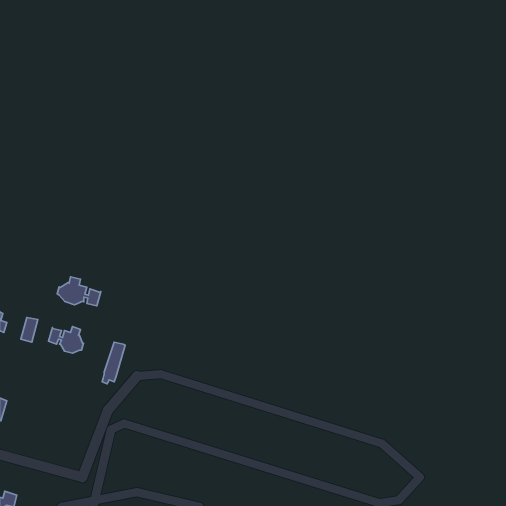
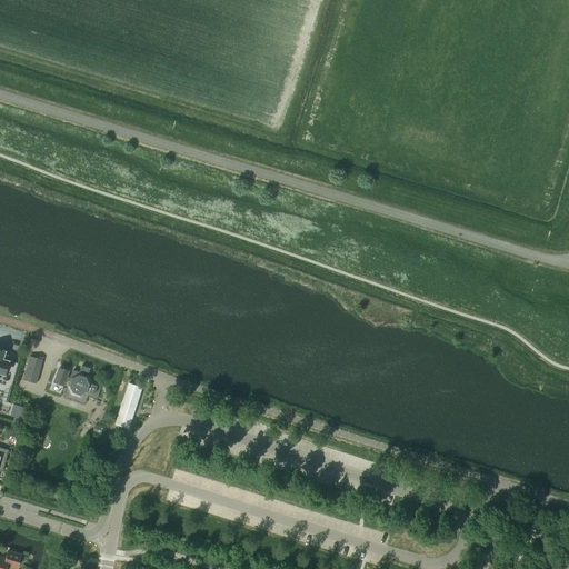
building: [57,277,101,306] -> none

